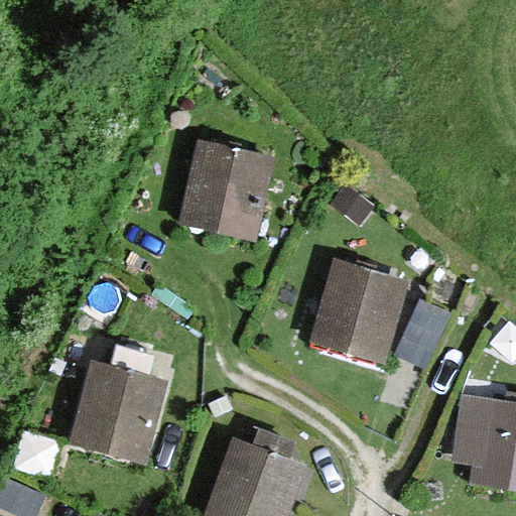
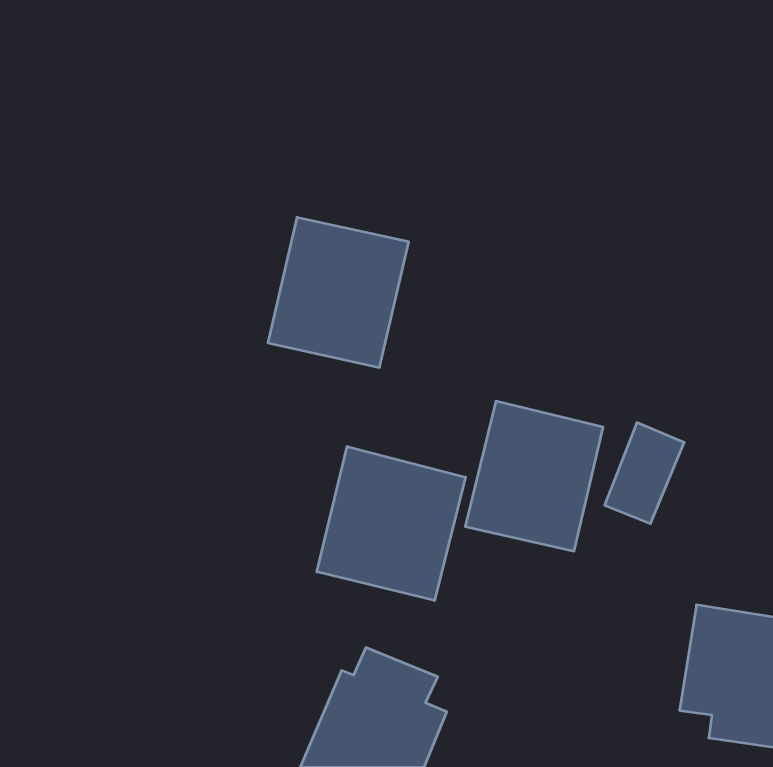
building: none -> [317,446,466,601]
building: [68,348,164,462] -> none

